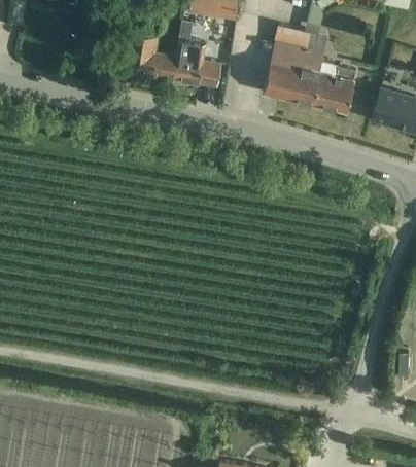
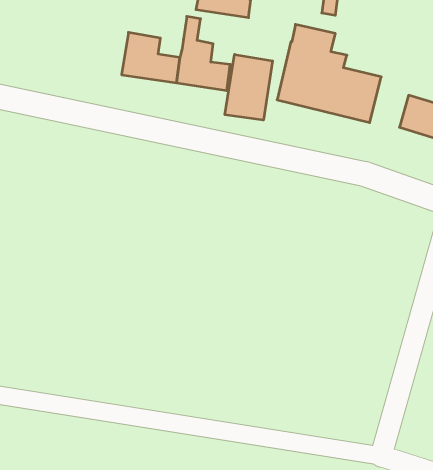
building: none -> [225,54,273,120]

